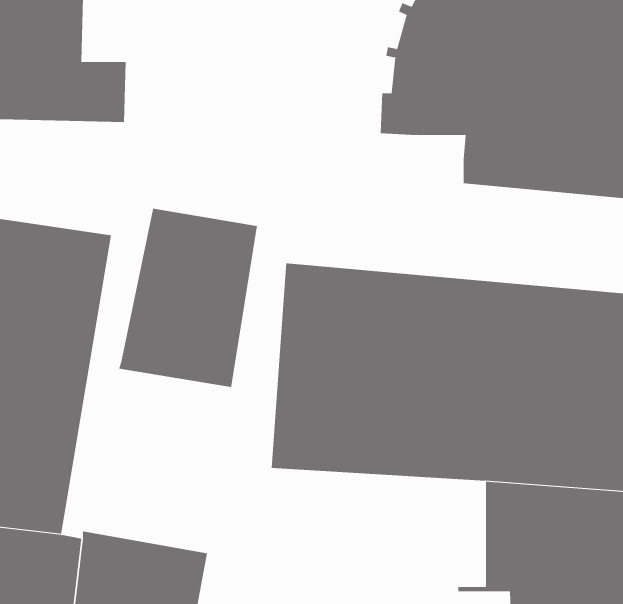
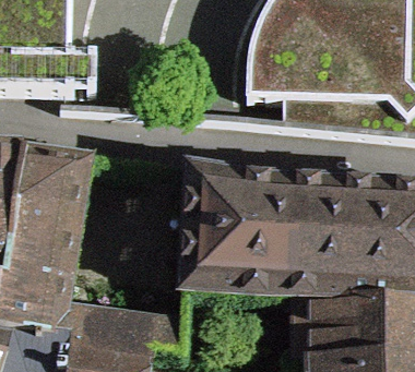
building: [118,208,258,388] -> none

